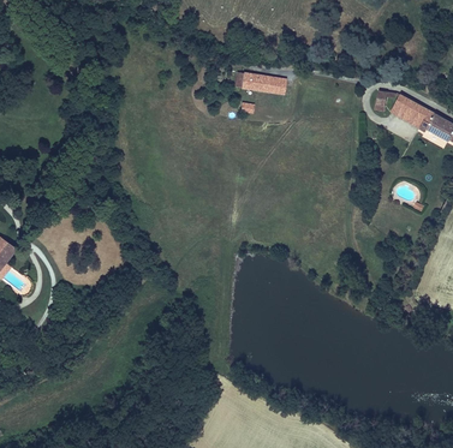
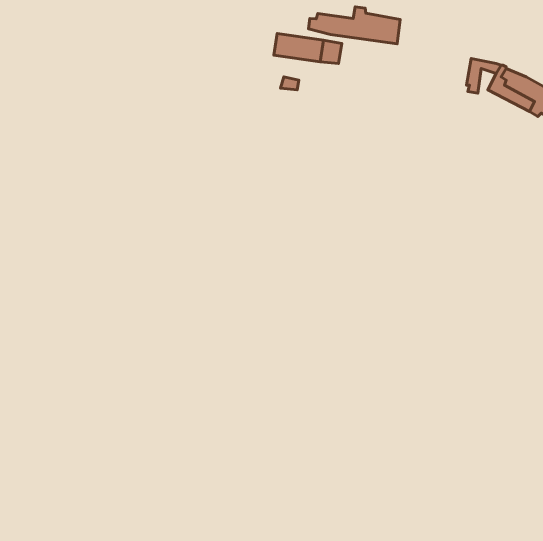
building: none -> [309,7,400,44]

